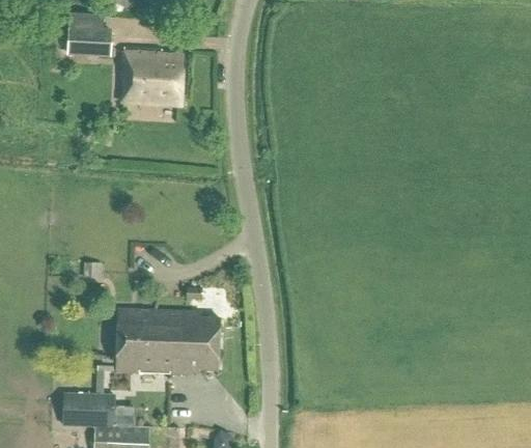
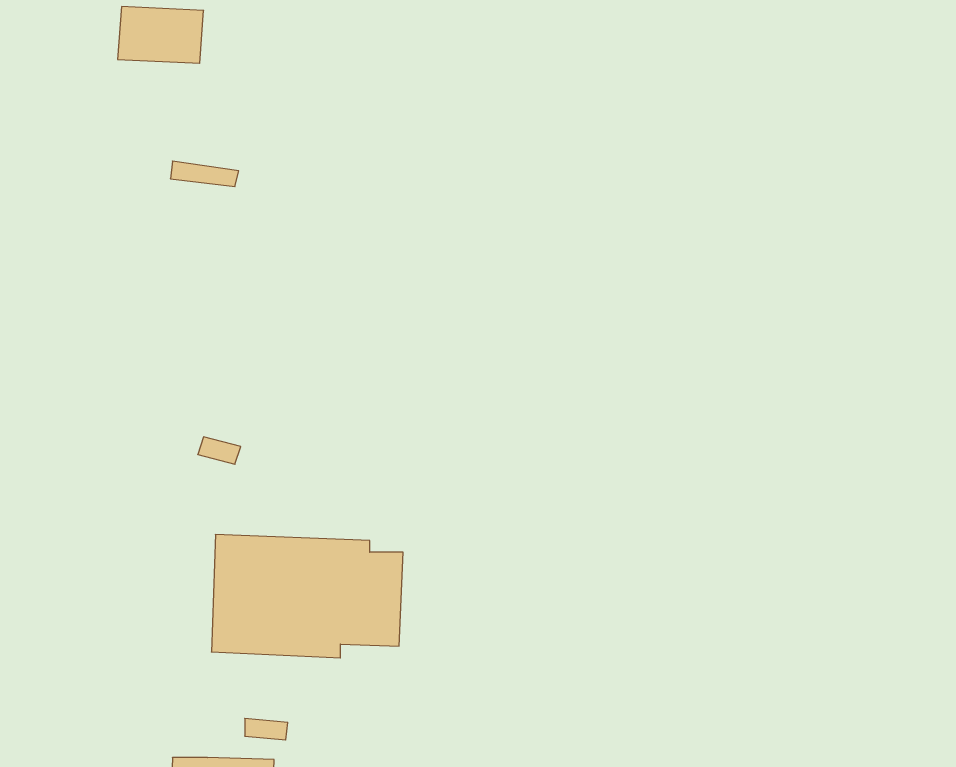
building: [121,49,183,106] -> none
building: [64,392,116,426] -> none

